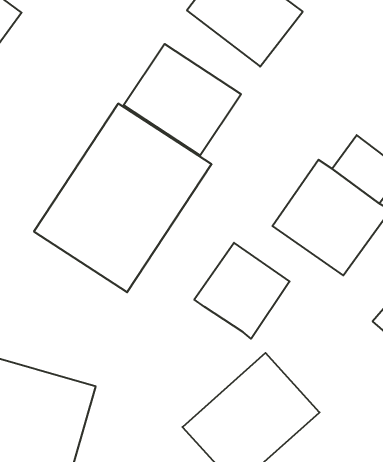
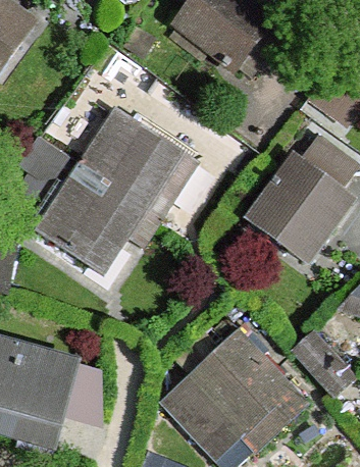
building: [124,44,241,155] -> none
building: [194,243,290,339] -> none

